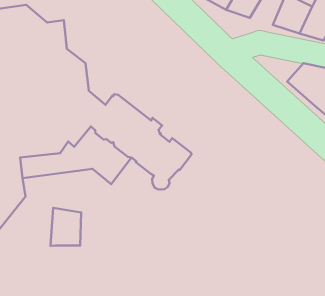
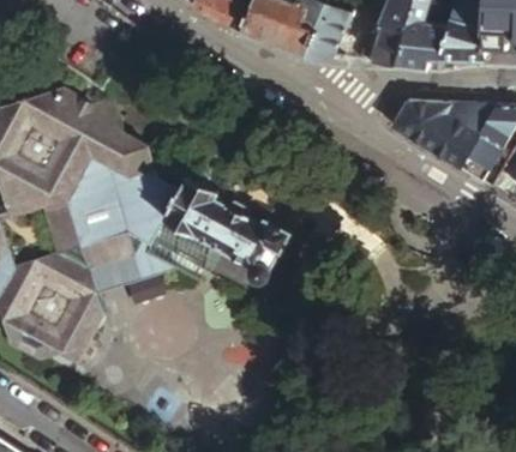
building: [50,208,81,246] -> none

